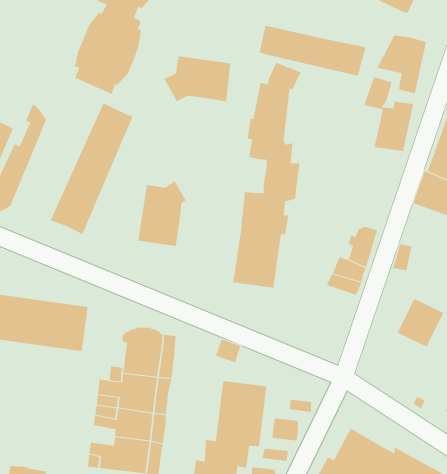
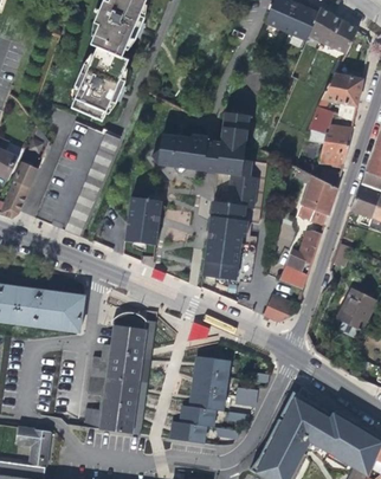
building: [259,25,366,76] -> none
building: [164,56,231,102] -> [150,134,206,171]
building: none -> [293,168,337,226]
building: none -> [263,293,299,322]

